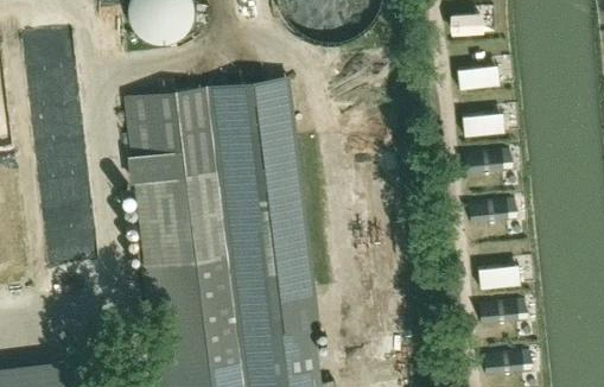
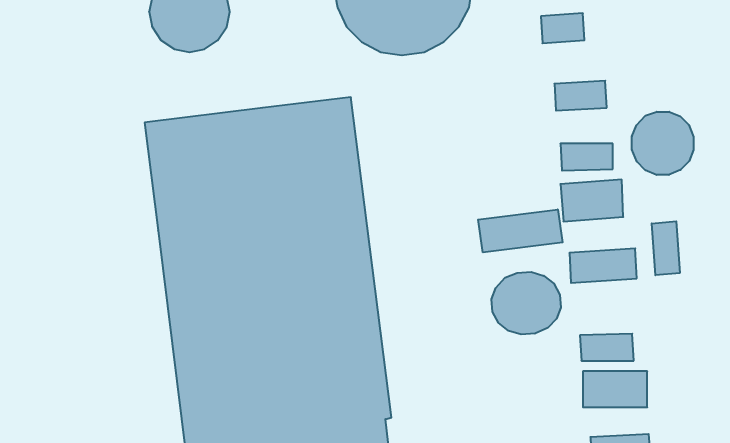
building: none -> [632,112,694,175]
building: none -> [478,209,563,252]
building: none -> [652,221,680,275]
building: none -> [492,272,561,334]

